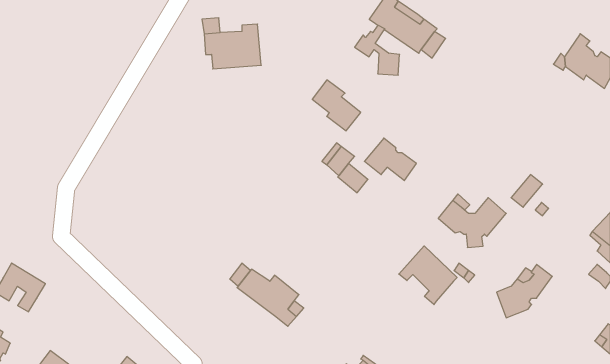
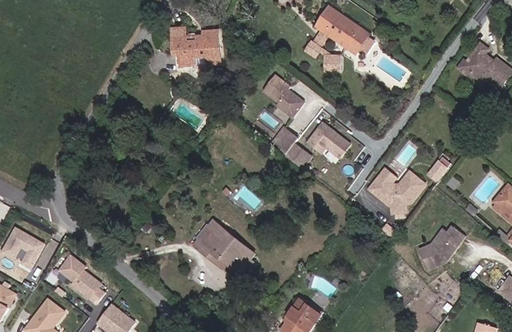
building: [399,246,457,305] -> none
building: none -> [60,251,107,303]

